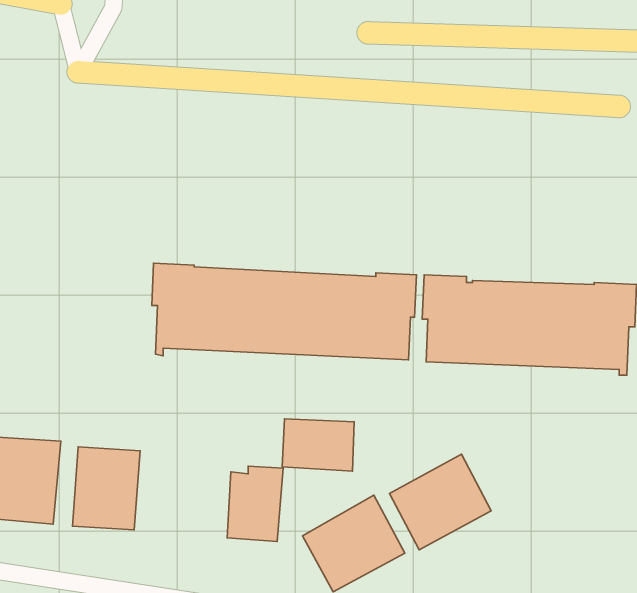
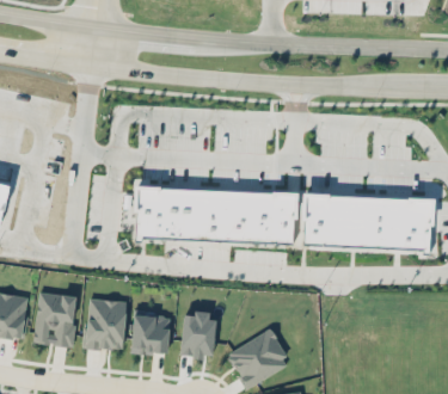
building: [282,419,354,471] -> none
building: [389,454,491,550] -> none
building: none -> [131,313,170,355]

